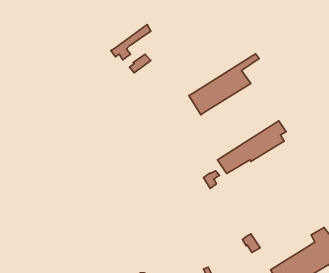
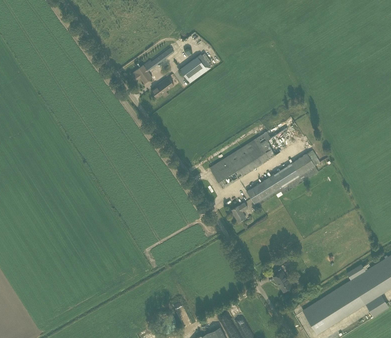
building: none -> [181,53,212,82]
building: [189,54,259,115] -> [210,121,286,187]

